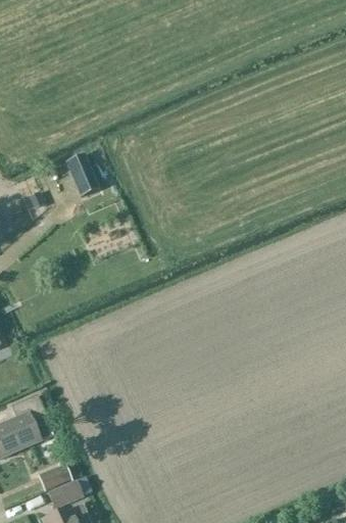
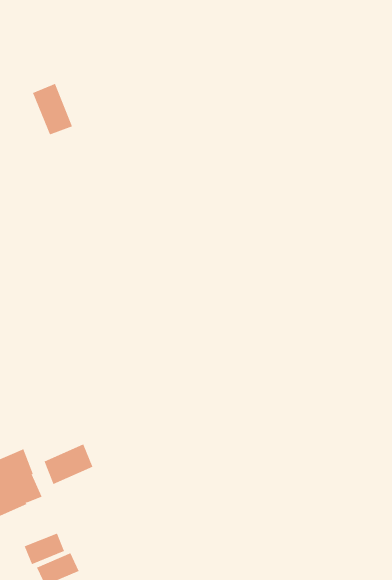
building: [66,151,100,194] -> [32,83,73,135]
building: none -> [44,444,93,485]

